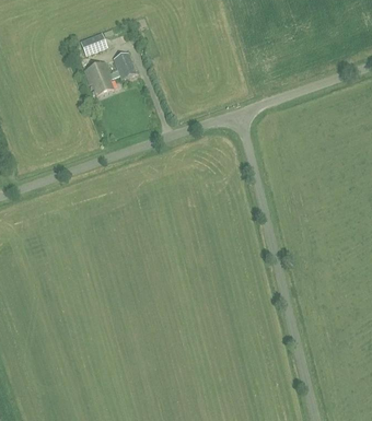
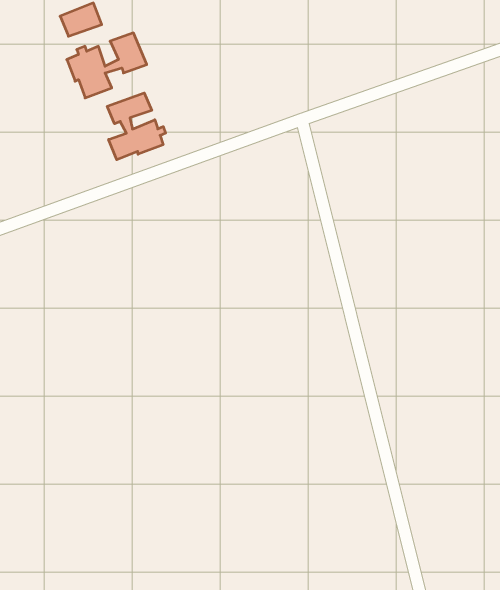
building: none -> [107,93,166,160]

